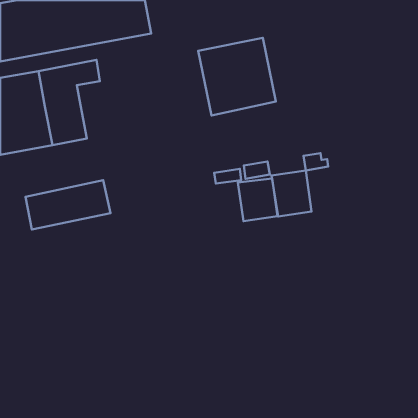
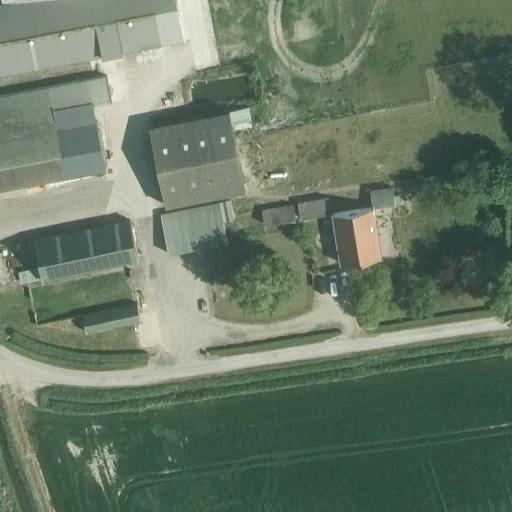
building: [198,38,276,116] -> [150,113,245,208]
building: none -> [160,204,227,256]
building: [238,178,277,221] -> none
building: none -> [80,306,139,334]

